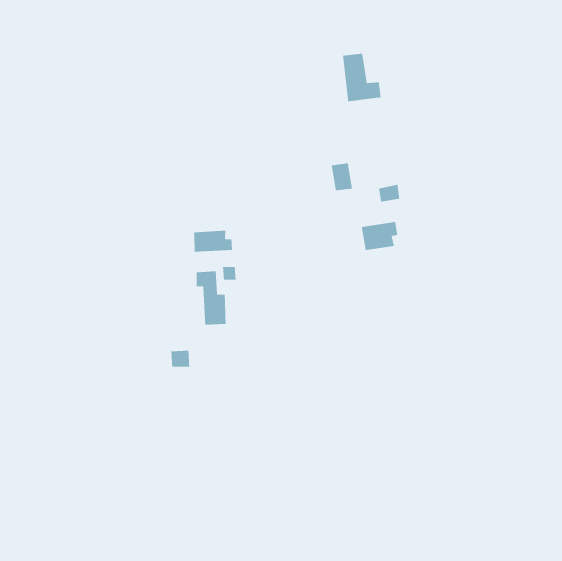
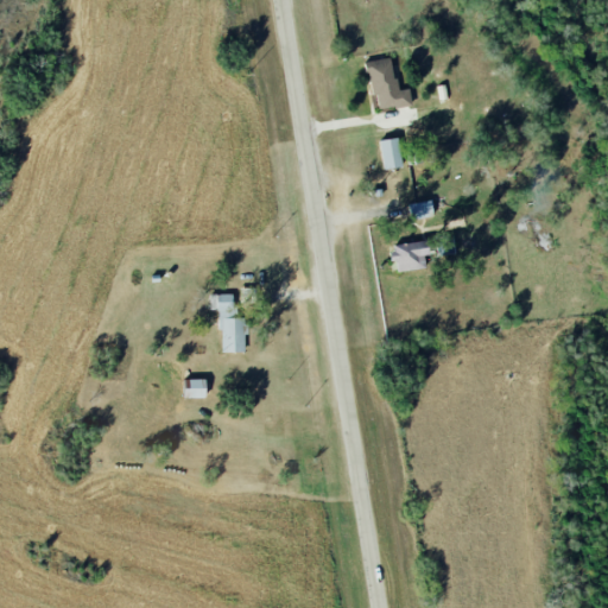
building: [331,163,353,191] -> [379,137,403,167]
building: [193,230,233,253] -> none

